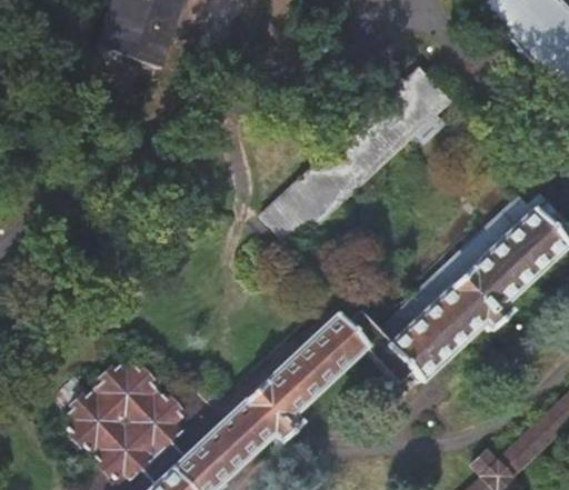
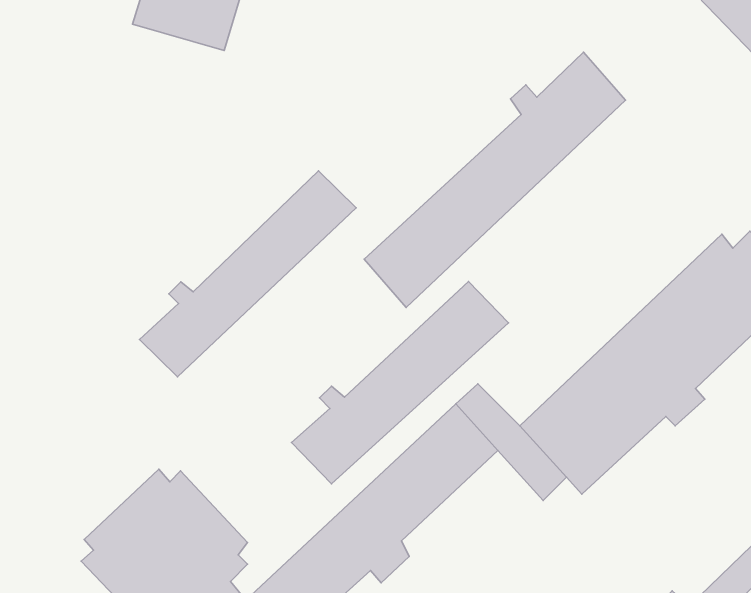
building: none -> [140,171,356,377]
building: none -> [291,281,509,484]

